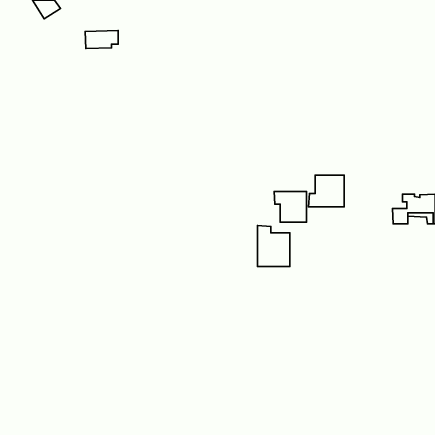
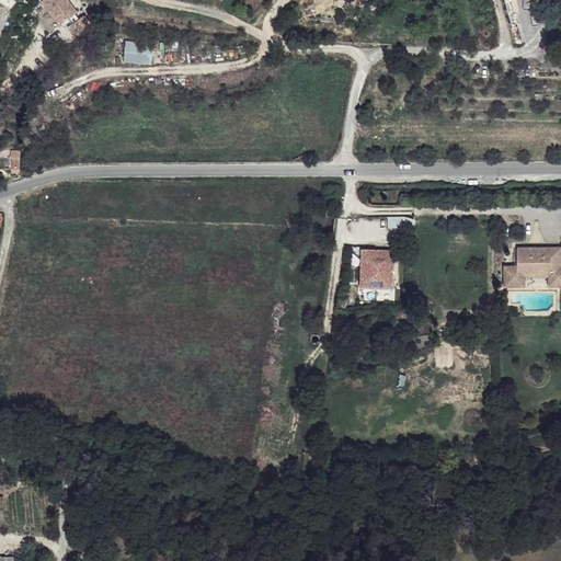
building: [309,175,344,207] -> none
building: [258,225,290,266] -> none

